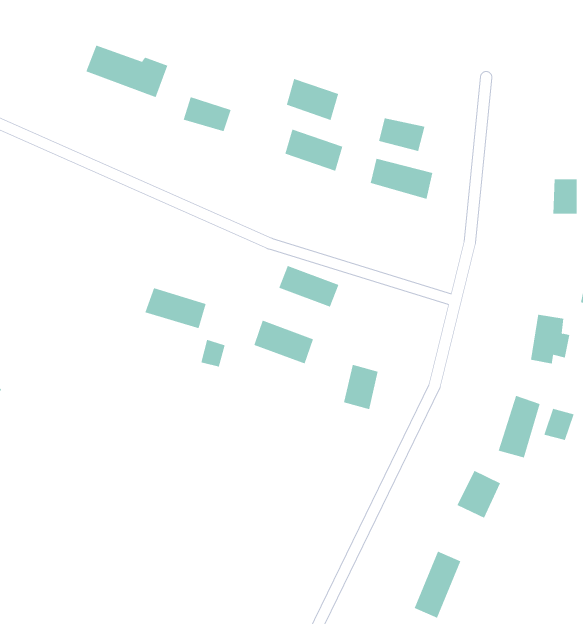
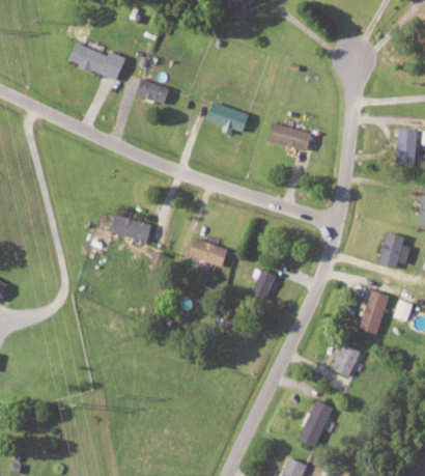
building: [286,78,339,121] -> none
building: [379,118,425,152] -> none
building: [279,265,339,307] -> none

